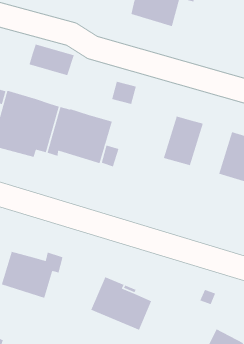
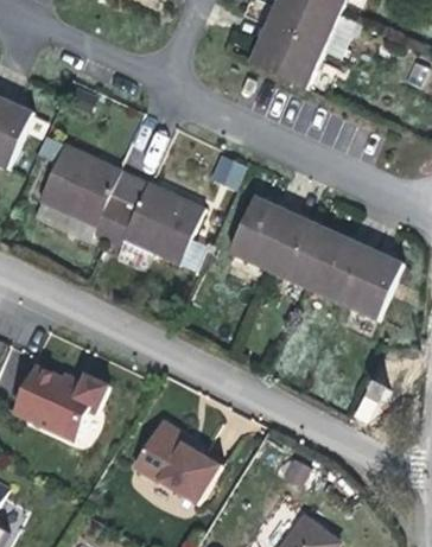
building: [28,44,75,76] -> none
building: none -> [227,195,292,268]
building: none -> [301,228,366,301]

